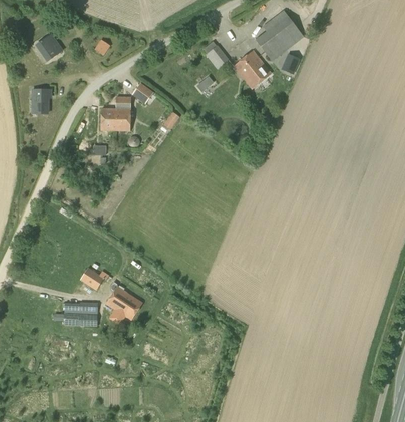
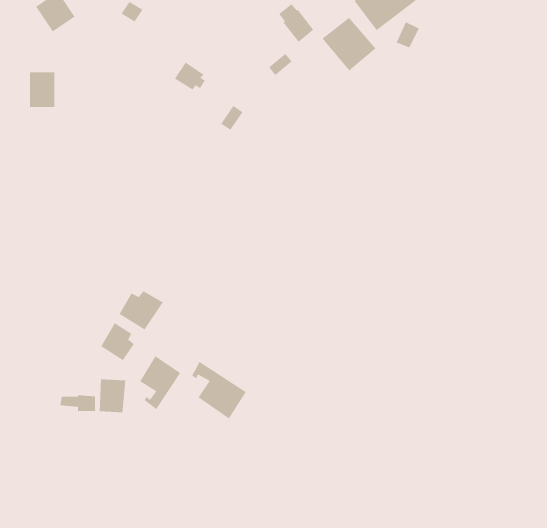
building: [100,97,130,130] -> none
building: none -> [118,290,164,331]
building: none -> [191,361,247,419]

